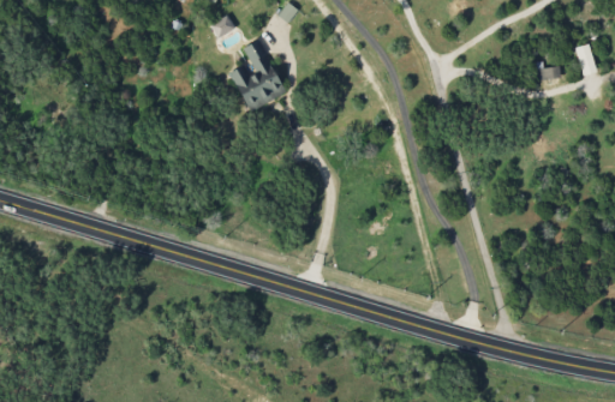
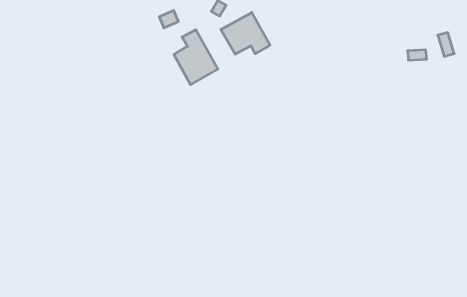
building: none -> [221,12,270,54]

